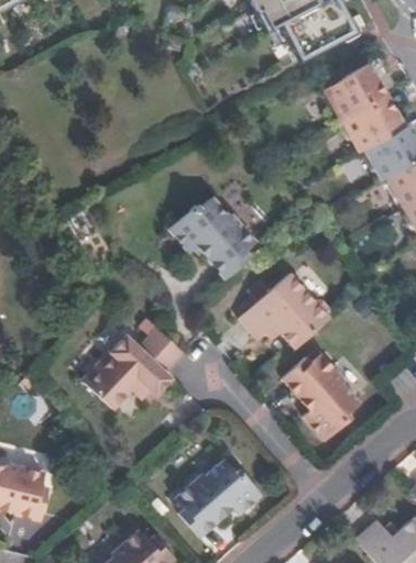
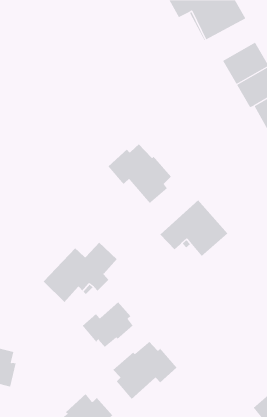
building: [283,352,361,439] -> none
building: none -> [82,301,134,348]

